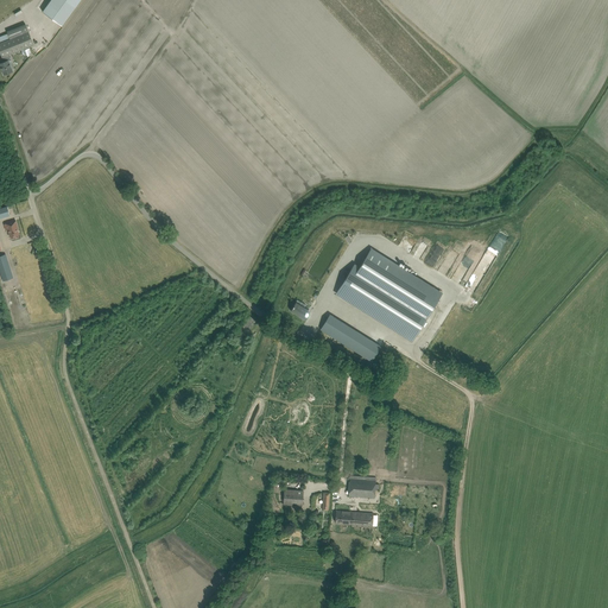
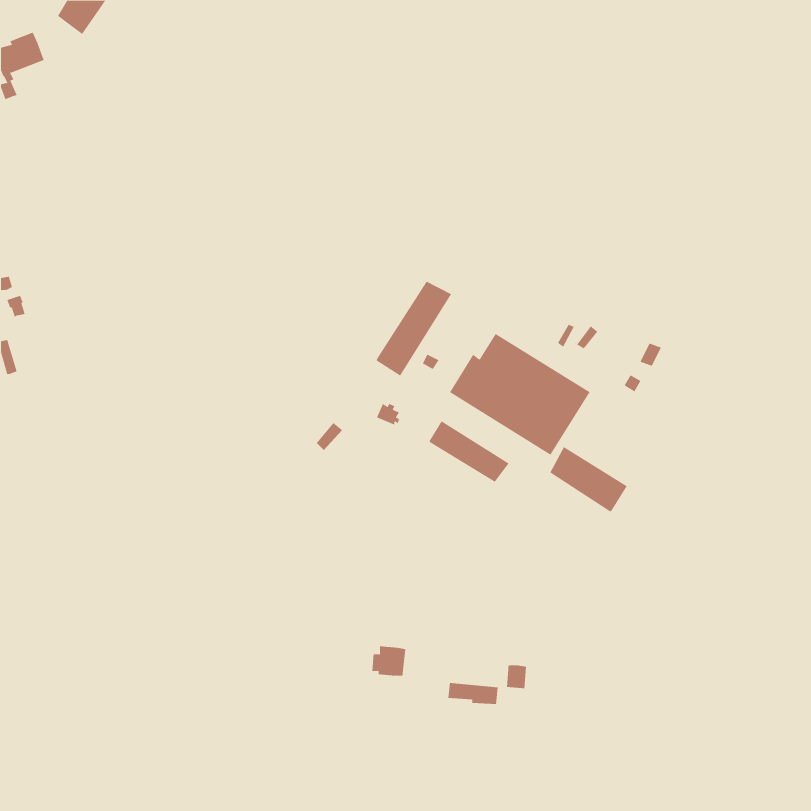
building: none -> [376,281,452,376]
building: none -> [549,446,628,512]
building: [348,476,379,498] -> none

